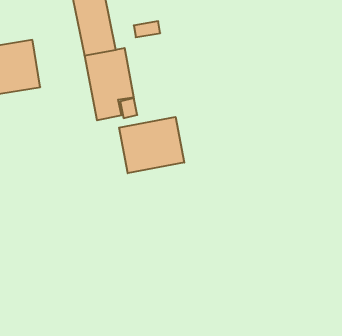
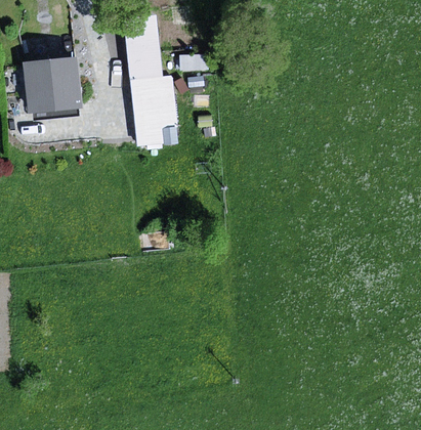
building: [119,117,184,173] -> none

